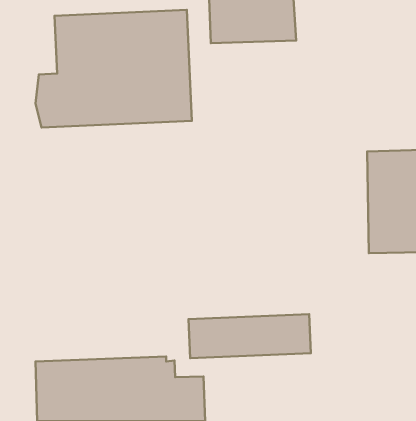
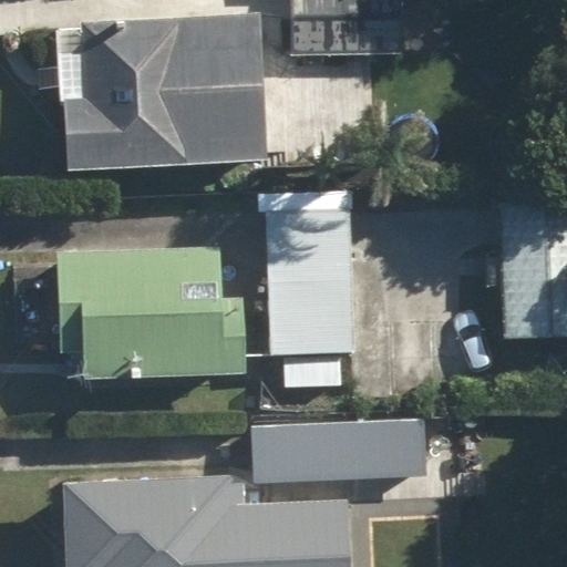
building: none -> [259,190,357,388]
building: none -> [53,246,243,381]

